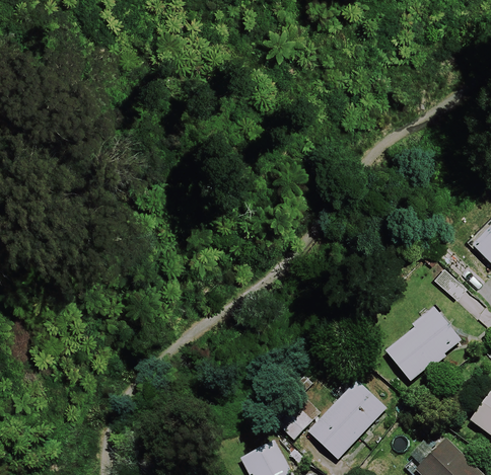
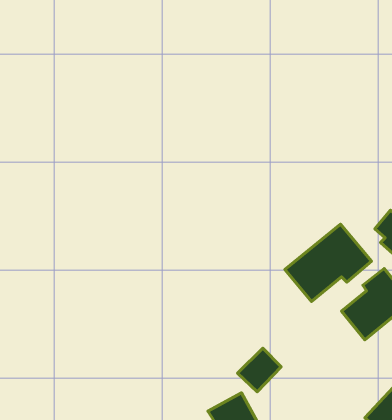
building: none -> [285,224,371,301]
building: [307,381,385,461] -> none

